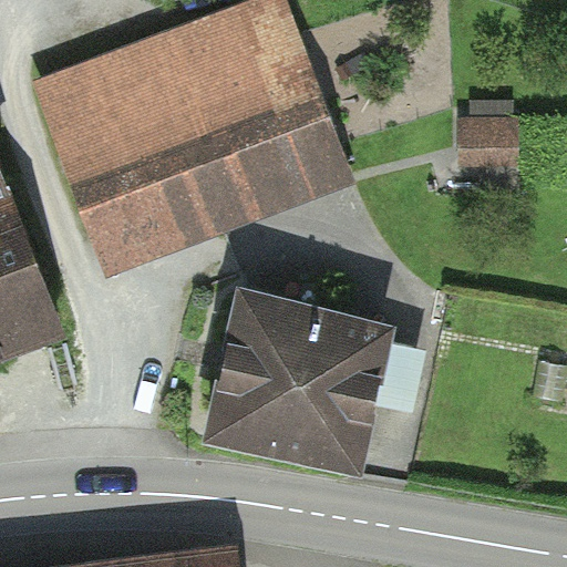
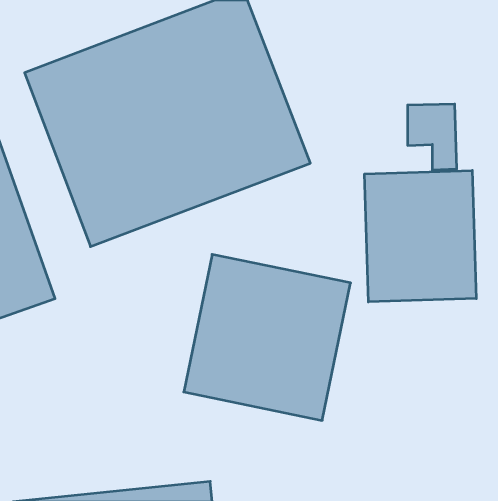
building: none -> [365,170,476,302]

